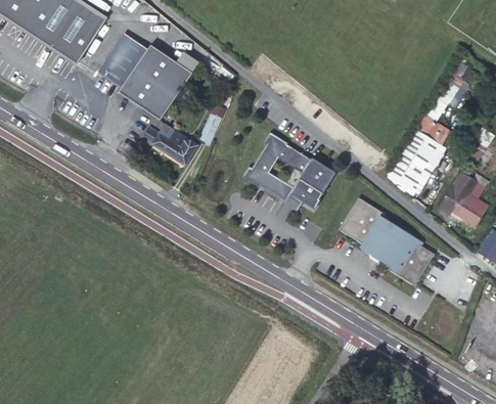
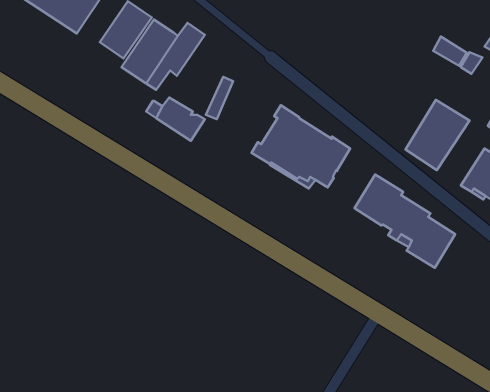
building: [419,115,451,142] -> [433,37,467,66]

